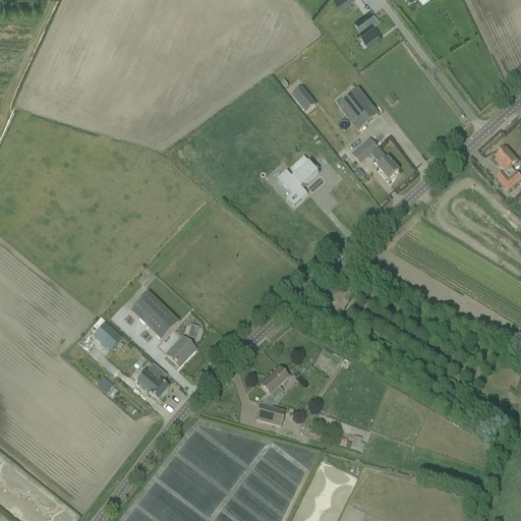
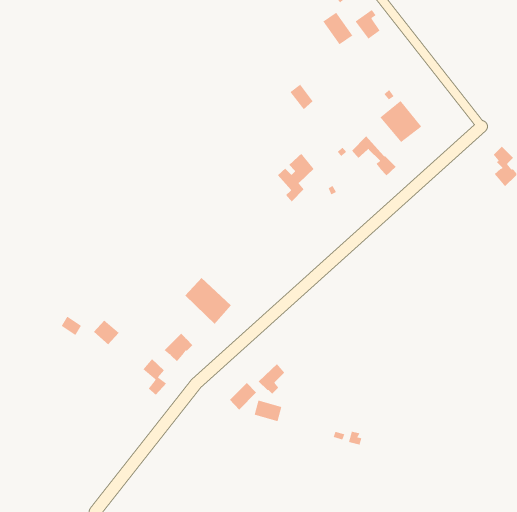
building: none -> [322,12,353,45]
building: [336,85,379,128] -> [380,100,422,143]
building: [129,290,177,338] -> [184,277,232,325]
building: none -> [229,382,257,410]

